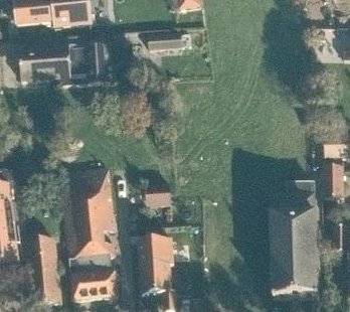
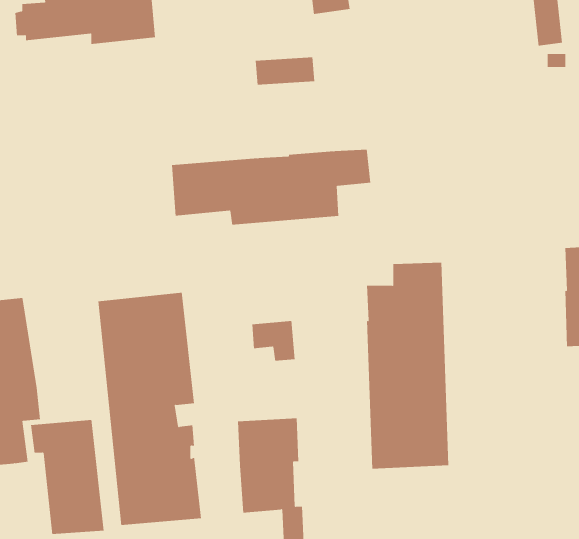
building: [19,43,133,87] -> [171,149,371,225]
building: [270,181,317,299] -> [366,262,449,469]

